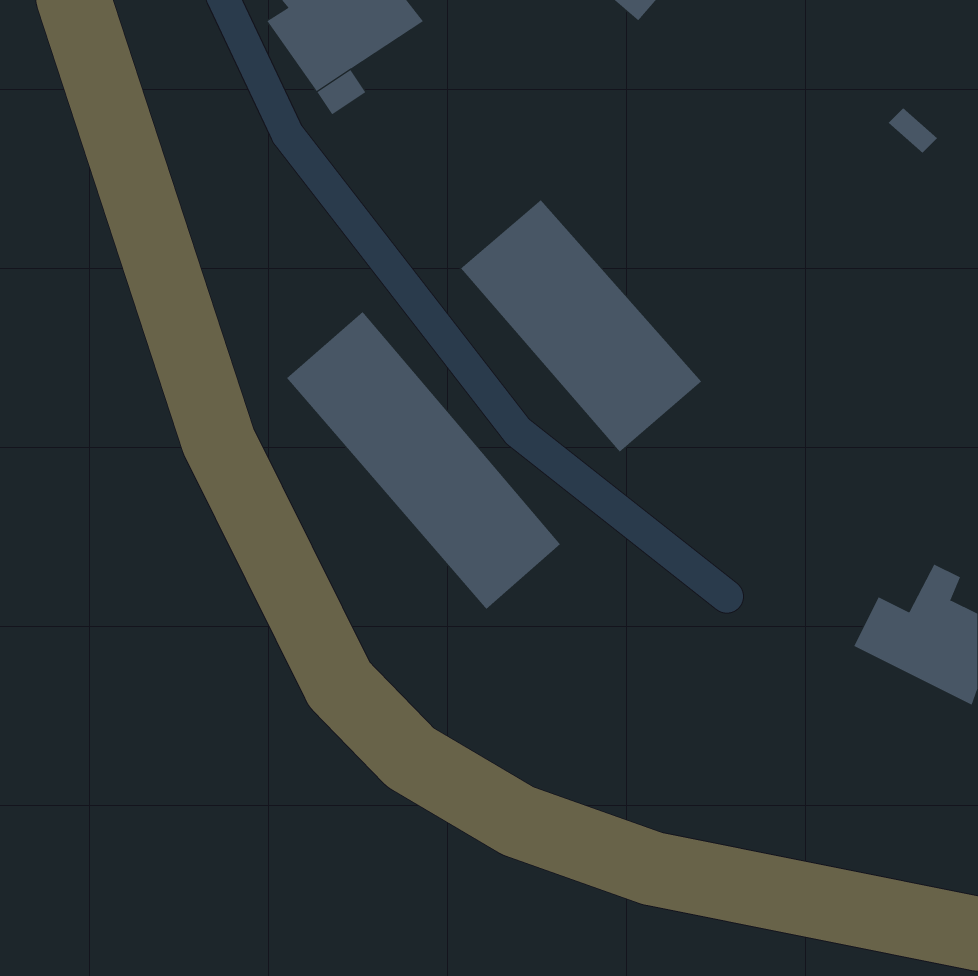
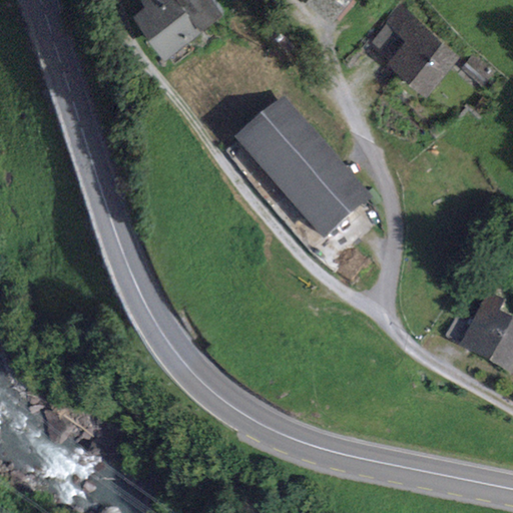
building: none -> [374,6,453,82]
building: [286,311,561,610] -> none

